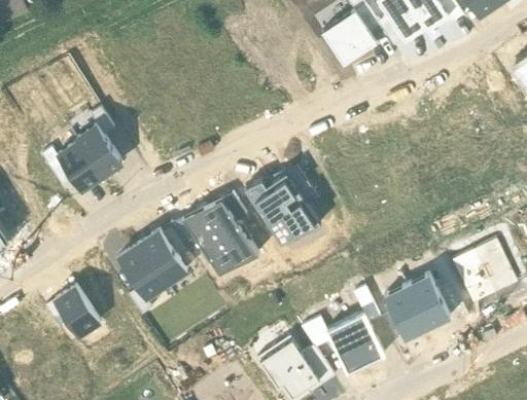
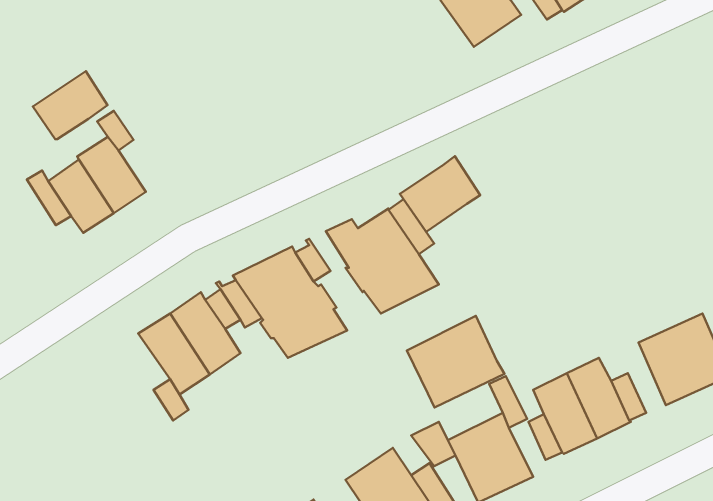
building: none -> [33,71,108,139]
building: none -> [400,156,480,232]
building: none -> [407,316,505,408]
building: [57,284,101,334] -> none

